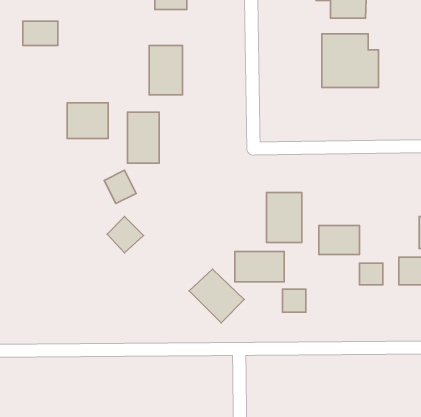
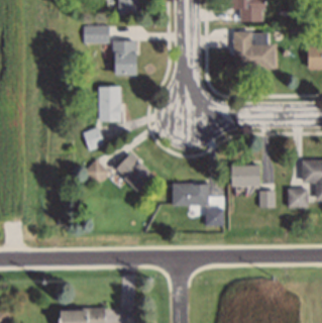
building: [23,21,58,46] -> [84,25,108,42]
building: [67,103,108,139] -> none
building: [267,192,302,242] -> none
building: [189,269,244,323] -> [115,153,153,191]

